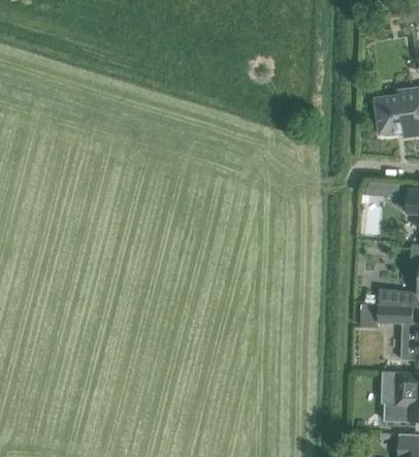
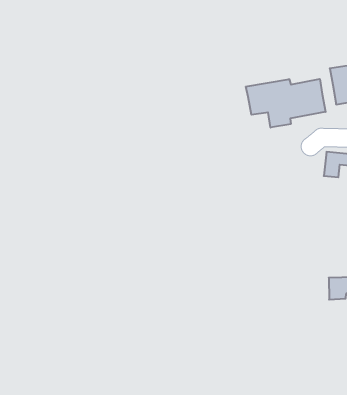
building: none -> [246,79,326,128]

